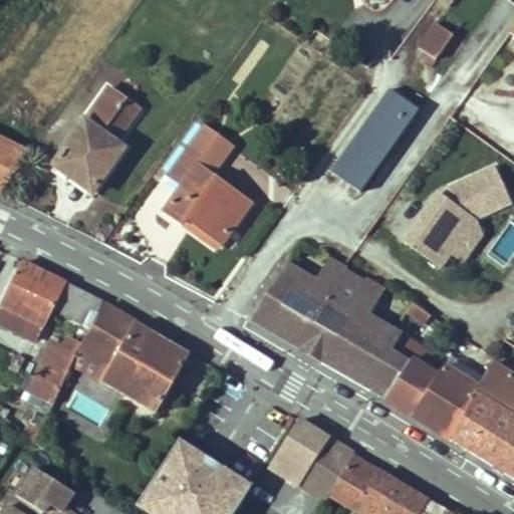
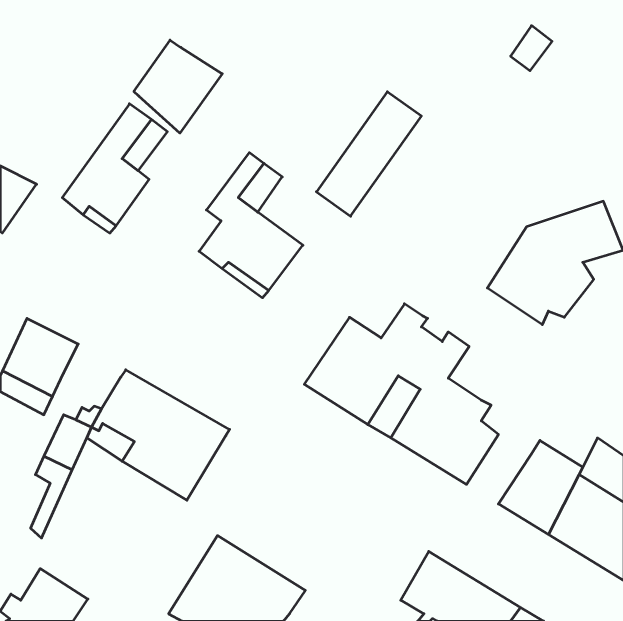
building: none -> [134,40,222,133]
building: [332,87,419,190] -> [316,92,421,216]
building: [53,283,104,321] -> none
building: [384,333,438,415] -> none
building: [270,418,354,500] -> none

